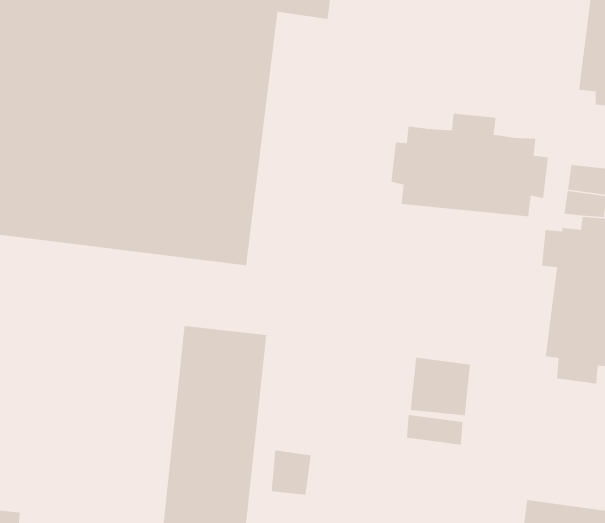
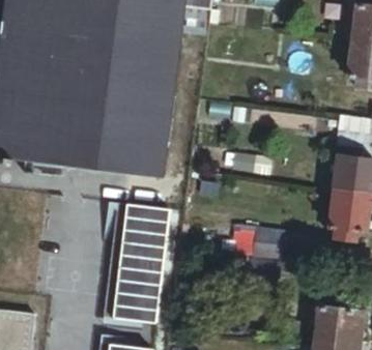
building: [390,113,549,217] -> none

